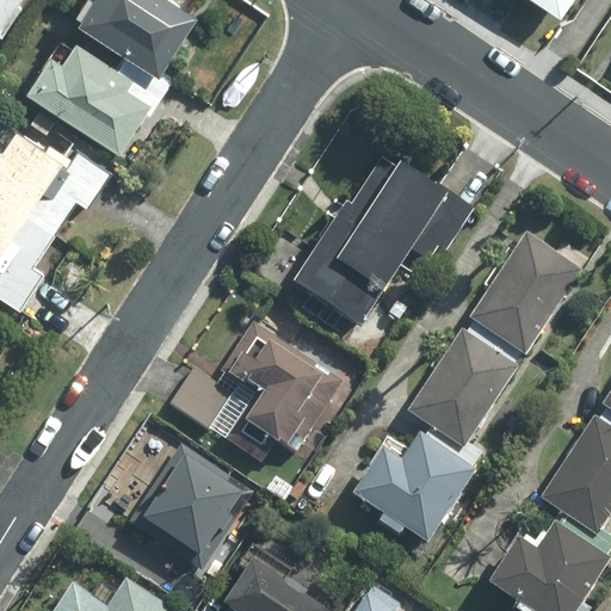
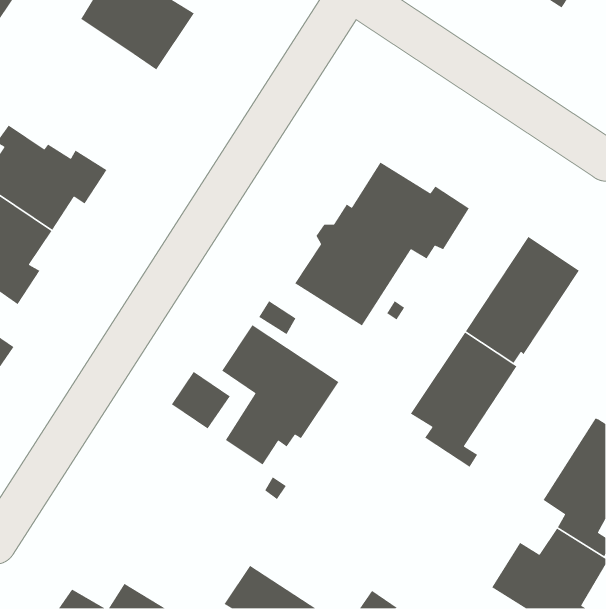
building: [27,41,168,148] -> none
building: [354,437,475,544] -> none
building: [130,445,255,575] -> none

